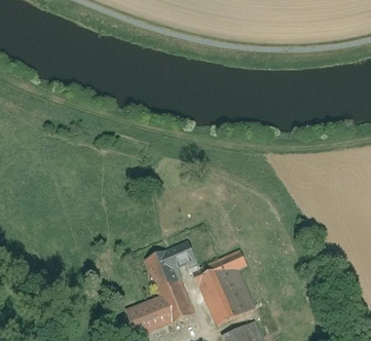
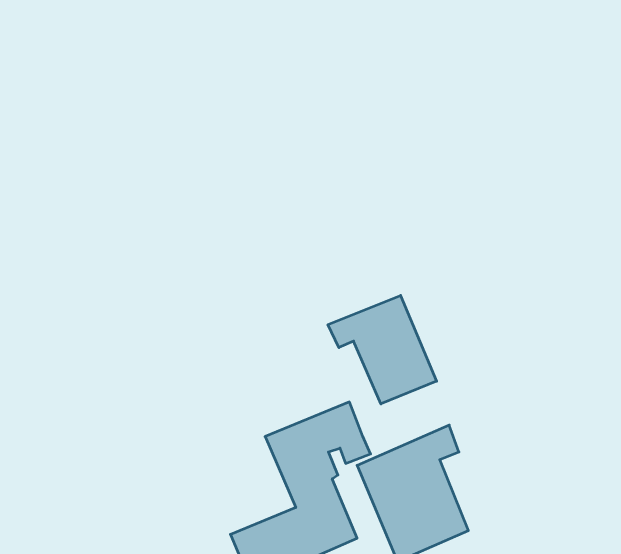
building: none -> [328,295,437,404]

